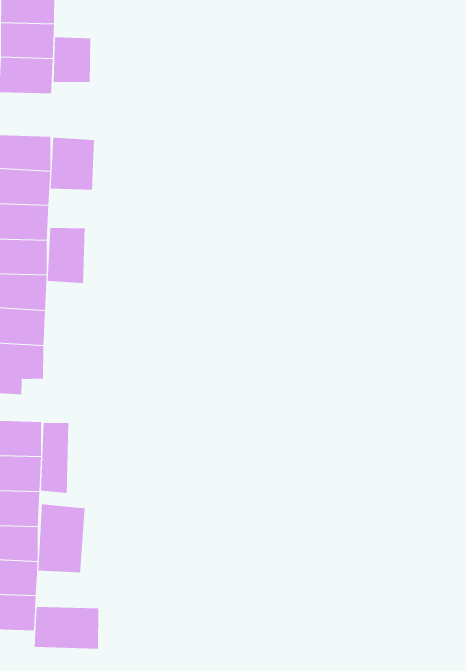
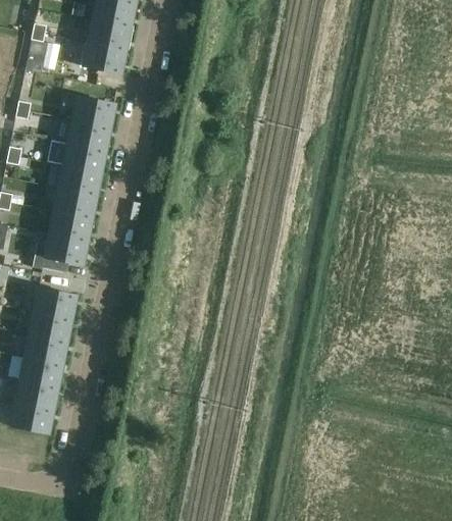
building: [53,36,91,83] -> none
building: [50,137,95,190] -> none
building: [47,227,85,284] -> none
building: [41,422,69,494] -> none
building: [38,503,85,573] -> none
building: [34,606,99,649] -> none

